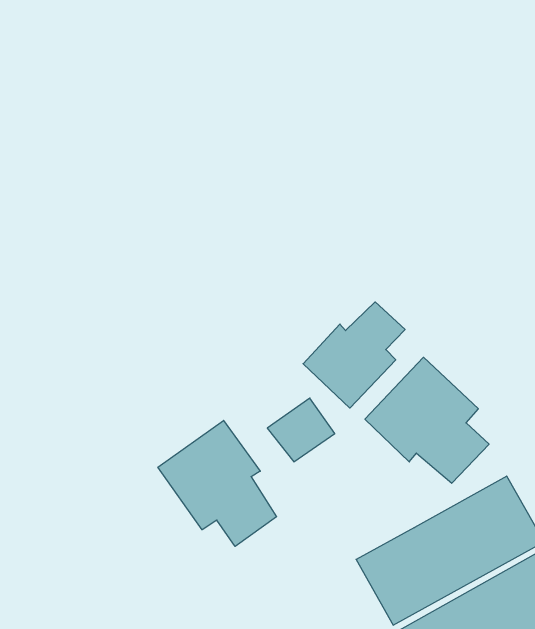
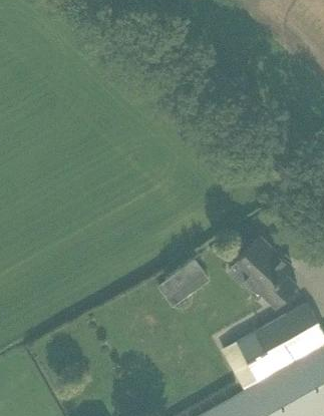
building: [303,302,405,408] -> none
building: [158,420,277,546] -> none

